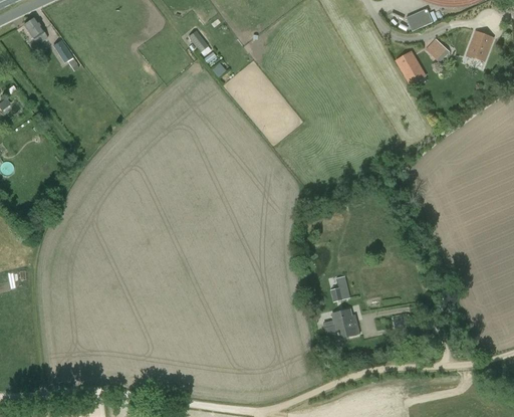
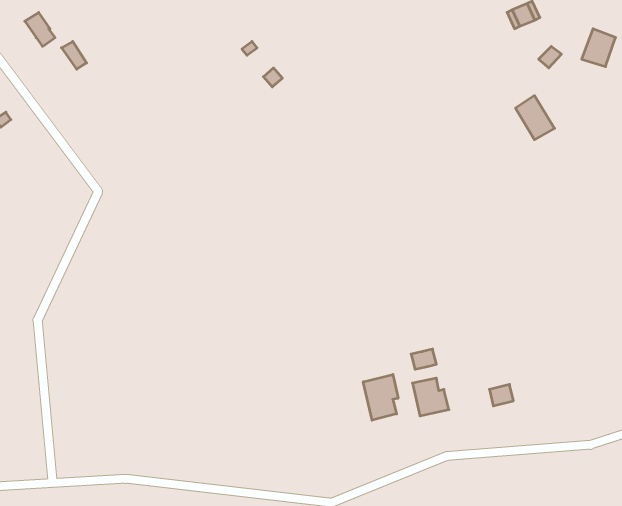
building: [396,49,427,84] -> [516,96,555,140]
building: none -> [363,374,398,420]

